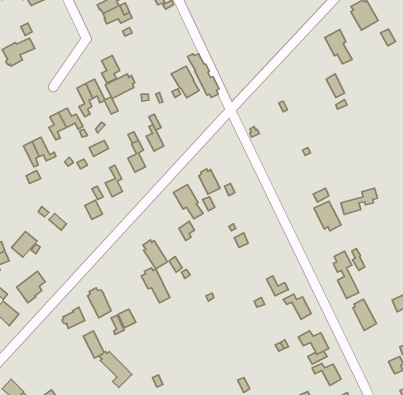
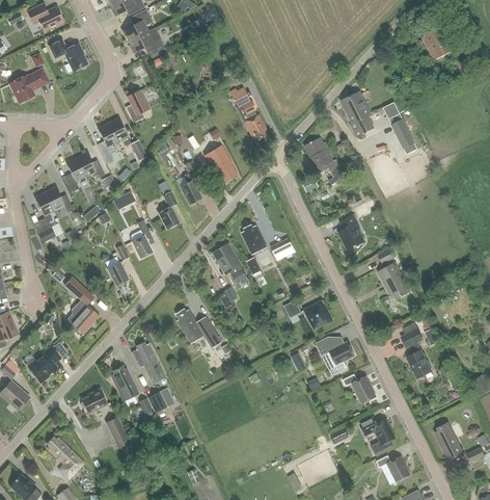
building: none -> [49,38,87,71]
building: [325,30,352,64] -> [342,91,374,132]
building: [171,66,199,98] -> [203,144,237,182]
building: [105,74,135,99] -> none
building: none -> [304,139,345,184]
building: none -> [338,213,364,248]
building: [341,188,377,214] -> none
building: [12,232,37,257] -> [70,304,100,334]
building: none -> [303,298,333,327]
building: none -> [316,336,354,363]
building: [141,268,170,303] -> [131,341,165,383]
building: [353,299,377,331] -> [435,421,463,458]
building: [99,352,132,388] -> [46,437,84,479]

